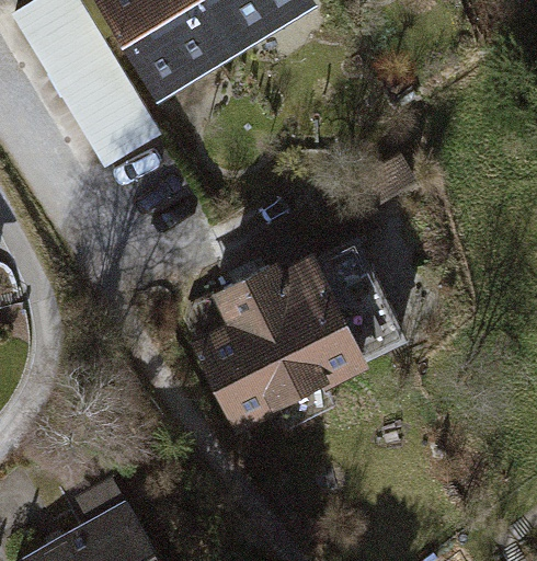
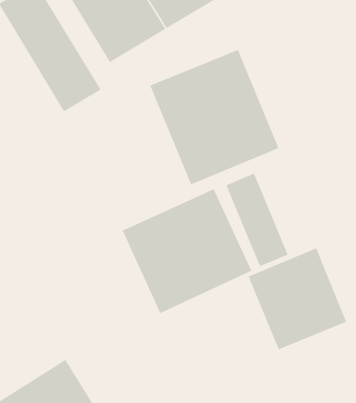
building: none -> [149,49,279,185]
building: none -> [248,248,347,350]

